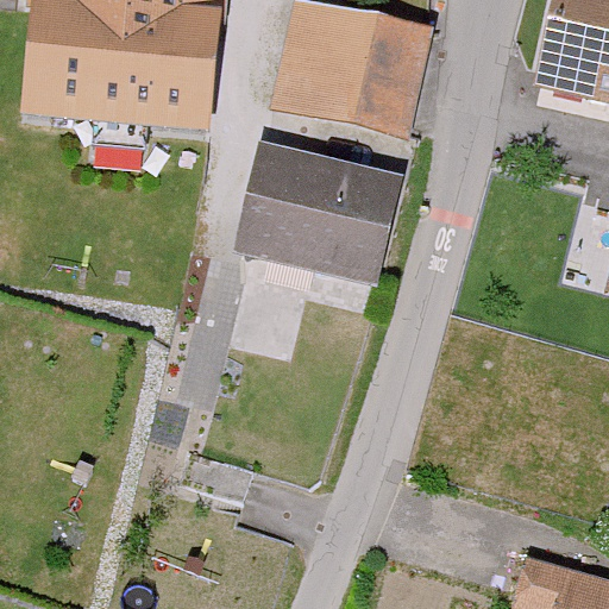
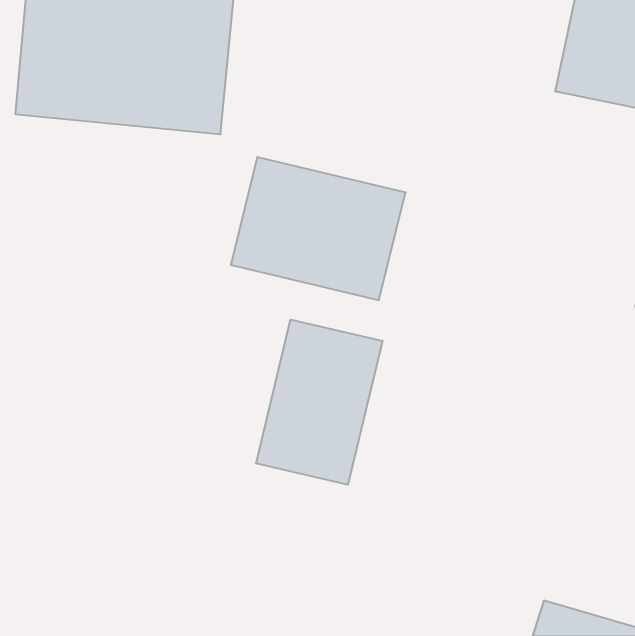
building: [275,7,425,134] -> none
building: none -> [256,320,382,485]

